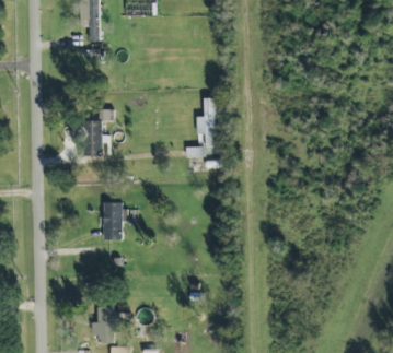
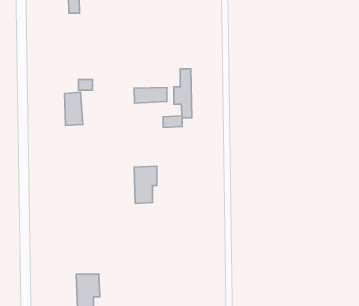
building: none -> [134,87,167,103]
building: [103,201,126,239] -> [134,166,157,204]

